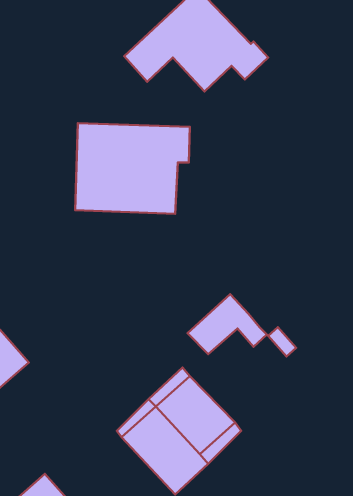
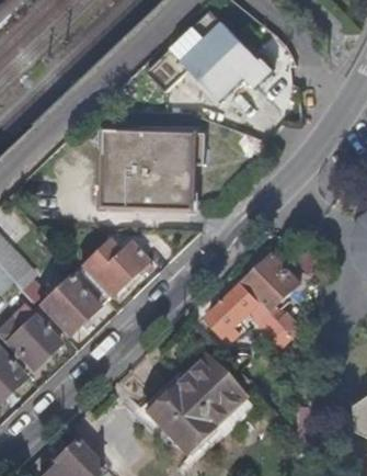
building: none -> [82,239,152,296]
building: none -> [242,257,299,313]
building: none -> [41,270,107,336]

